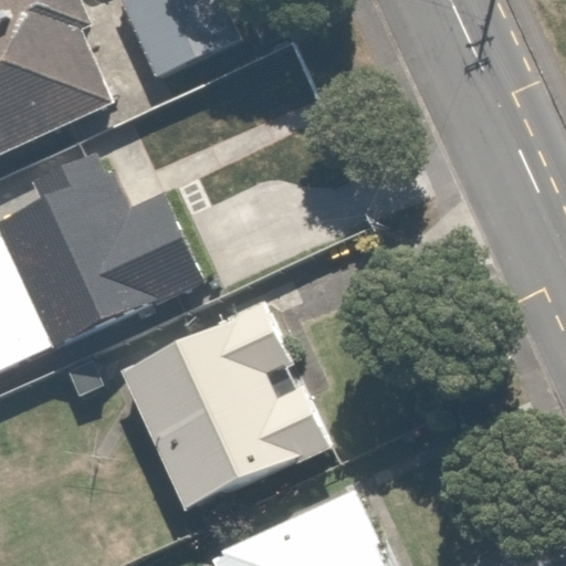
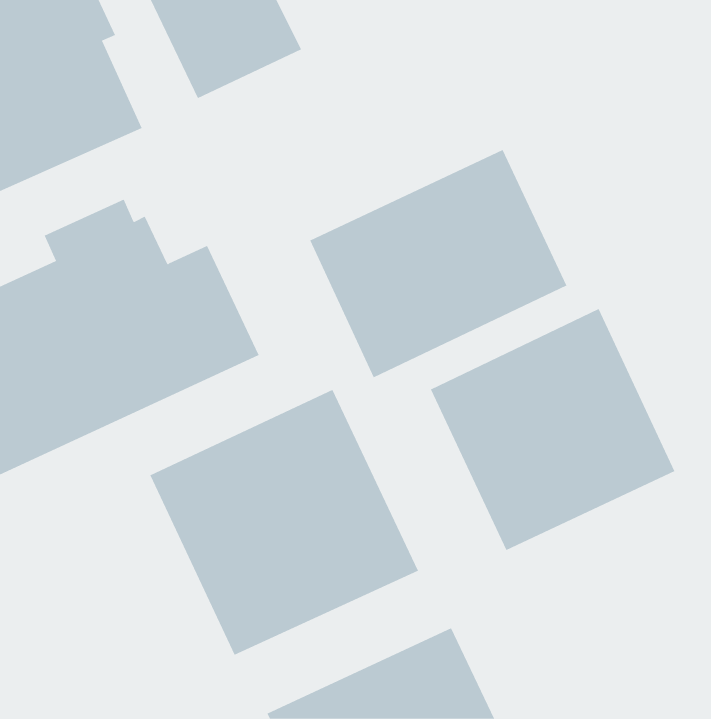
building: none -> [309,149,567,378]
building: none -> [430,308,675,551]

